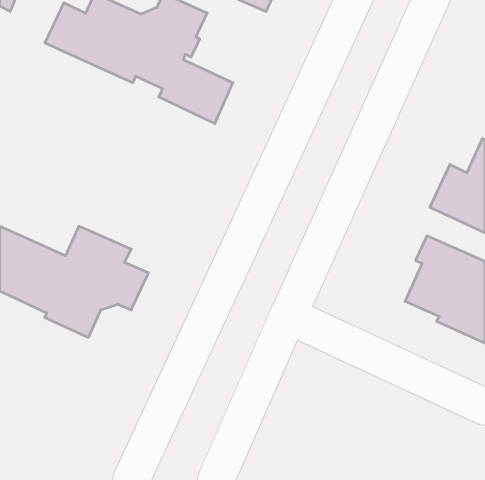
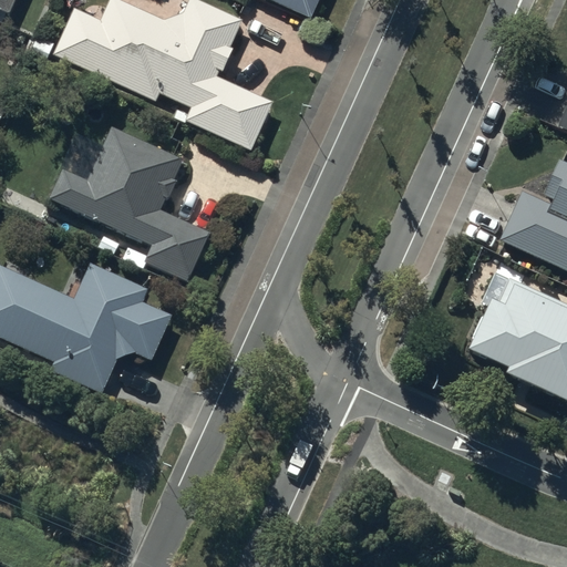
building: none -> [52,130,210,282]

